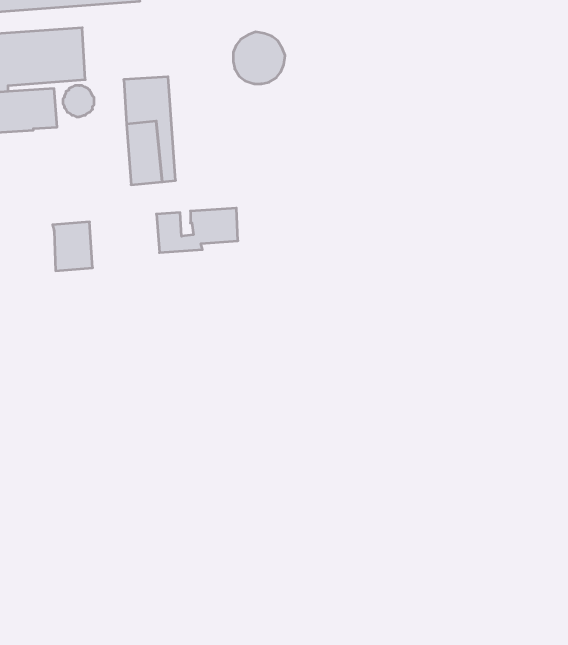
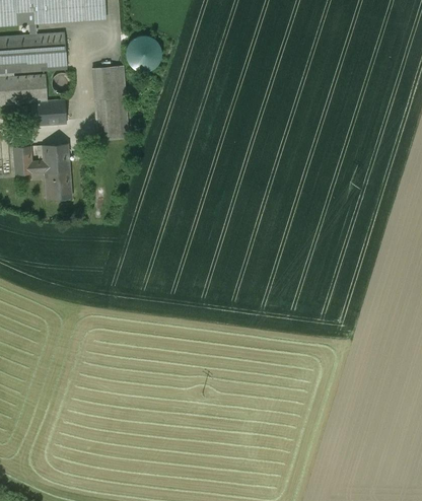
building: [233,32,285,84] -> [126,35,161,71]
building: none -> [30,99,66,126]
building: [156,208,238,253] -> [13,143,69,173]

